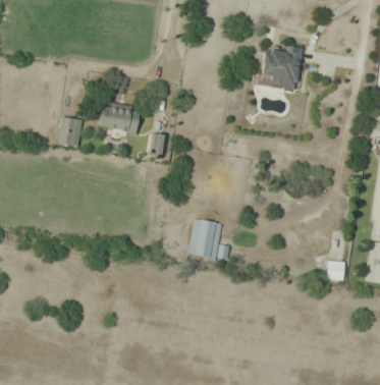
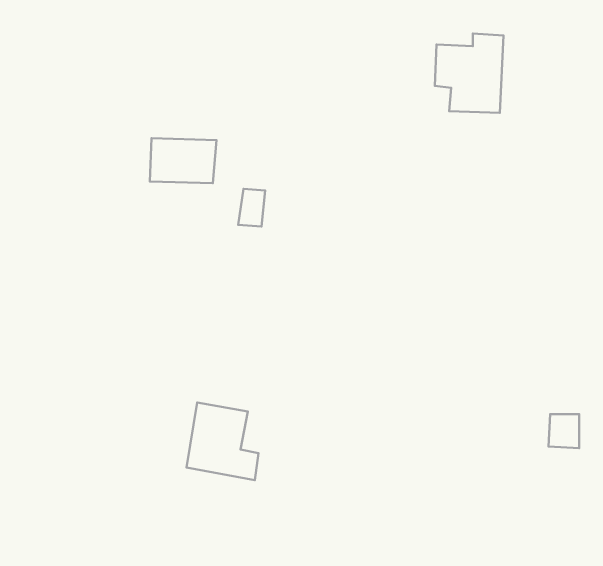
building: [58,117,82,146] -> none
building: [187,218,228,262] -> [186,403,259,480]

